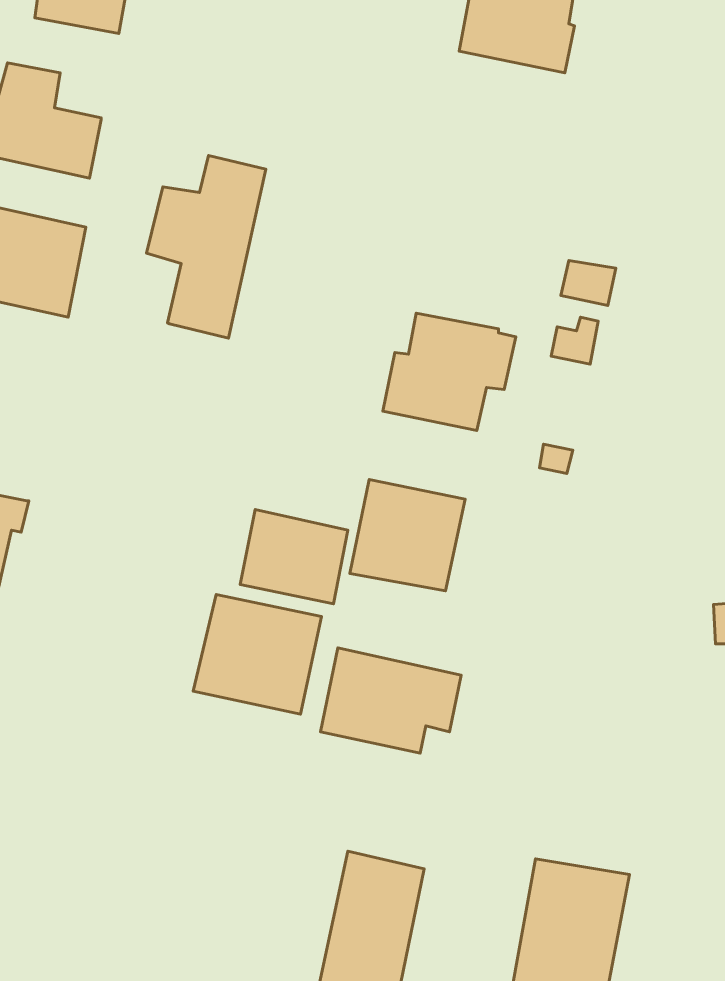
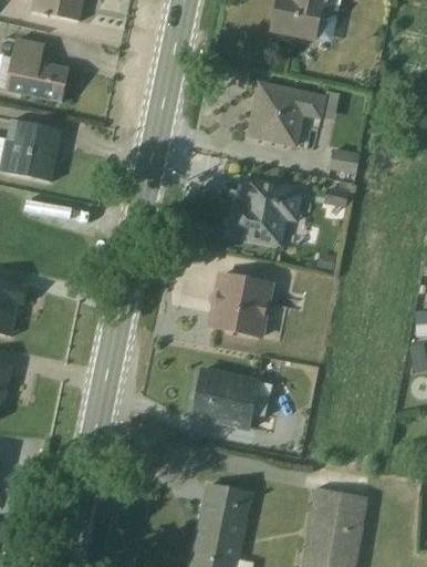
building: none -> [248,83,340,145]
building: [146,155,266,338] -> none
building: [240,510,348,604] -> none
building: [193,595,322,714] -> none

